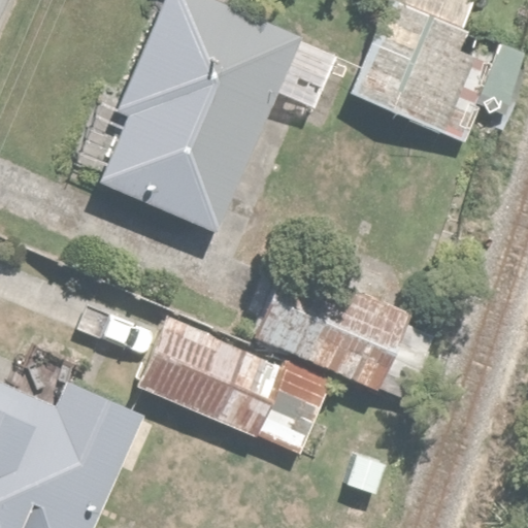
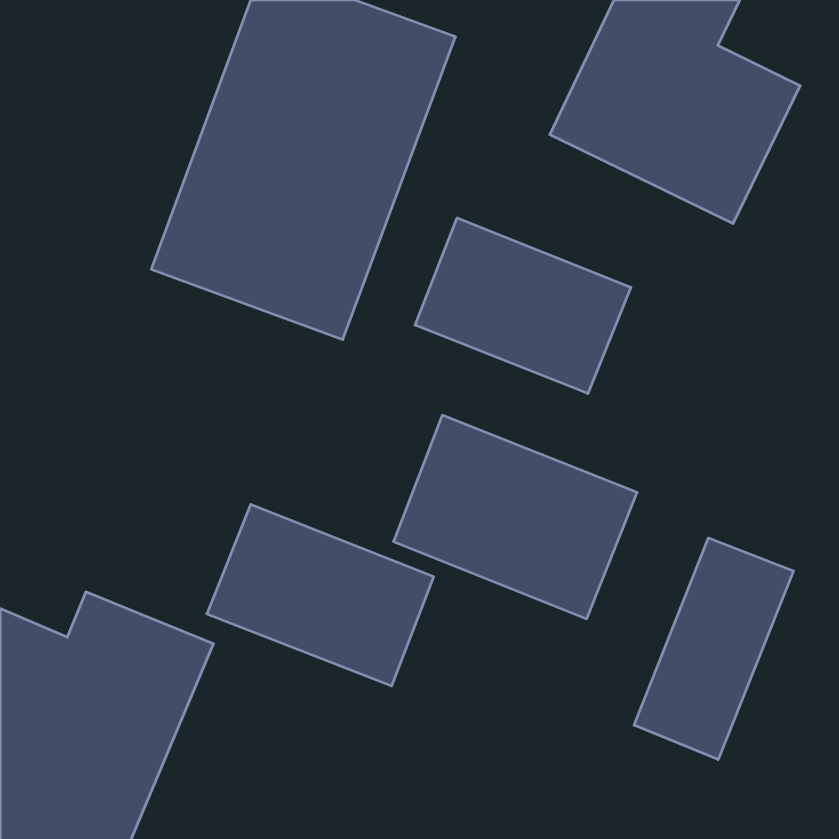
building: none -> [415,218,631,394]
building: none -> [634,538,794,760]

